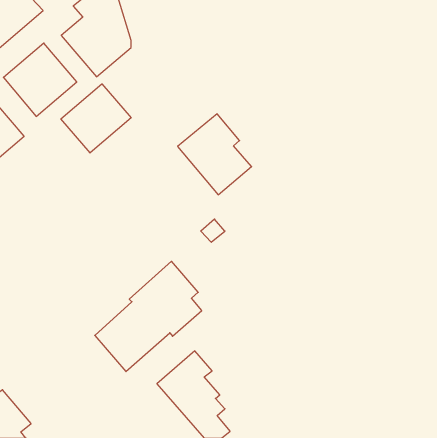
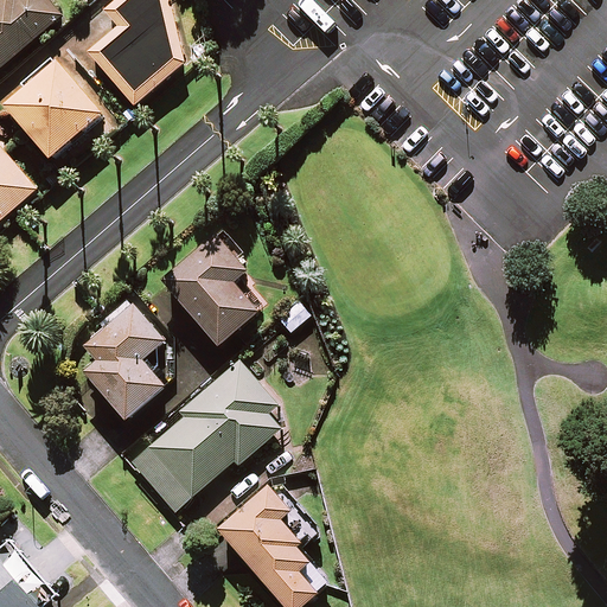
building: [61,84,131,153] -> none
building: [178,114,252,195] -> [161,235,263,346]
building: none -> [84,305,164,421]

